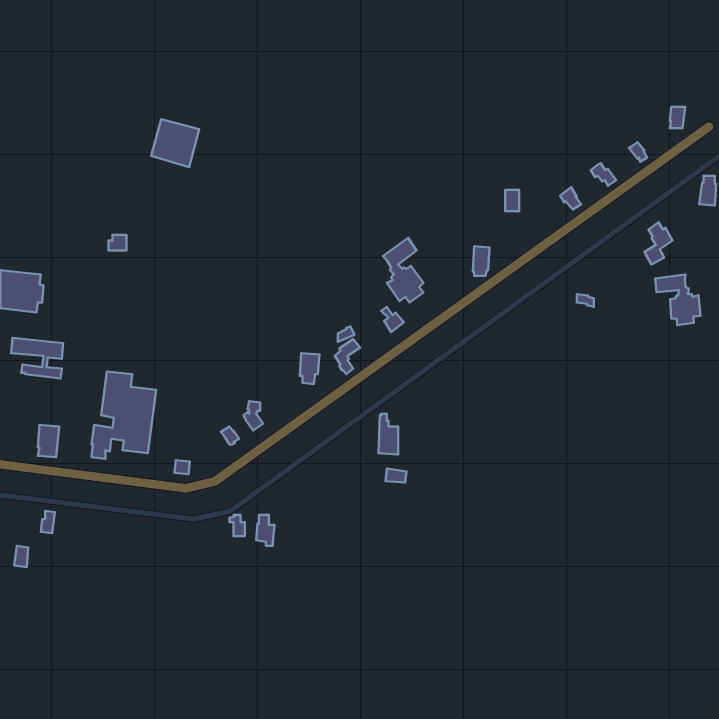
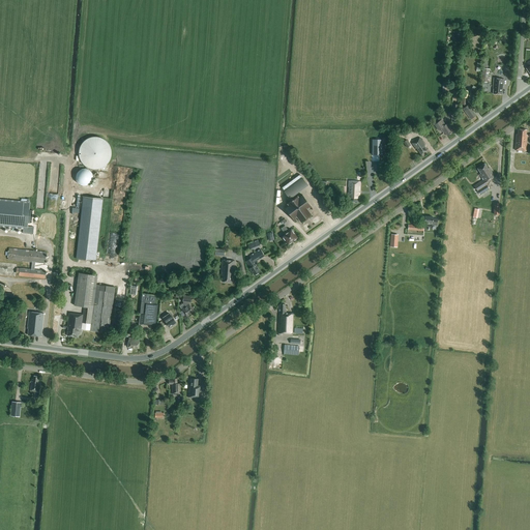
building: [151,119,199,167] -> [80,135,115,170]
building: none -> [77,197,102,261]
building: [655,275,700,325] -> none
building: none -> [139,294,156,326]

